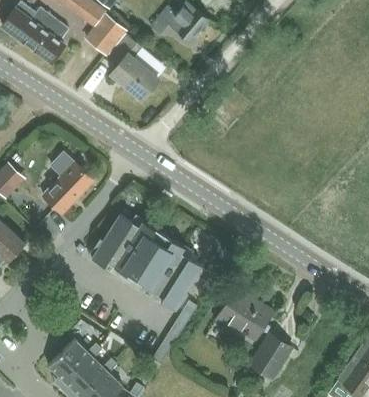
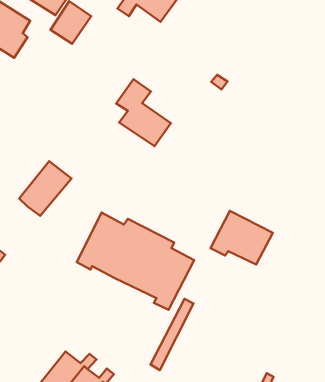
building: [109,36,158,100] -> [116,79,171,146]
building: [214,288,273,340] -> [211,211,273,265]
building: [249,334,291,380] -> none

